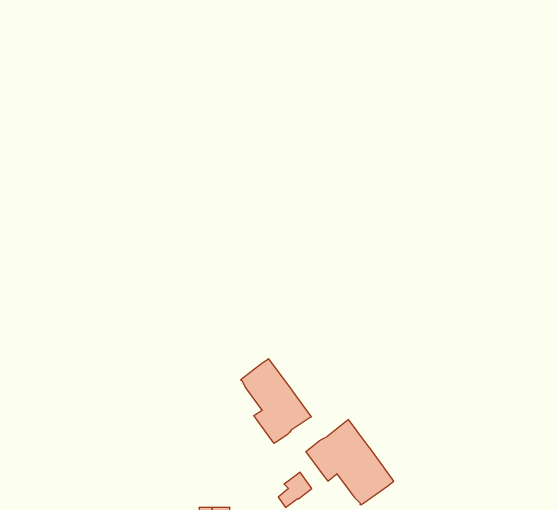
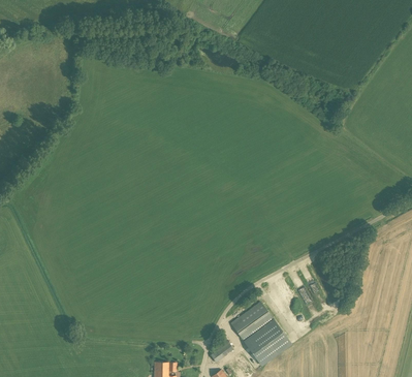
building: [241,359,311,443] -> none

